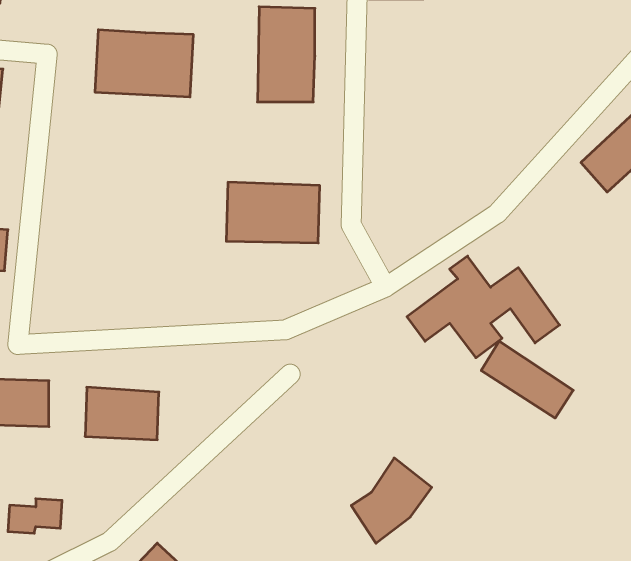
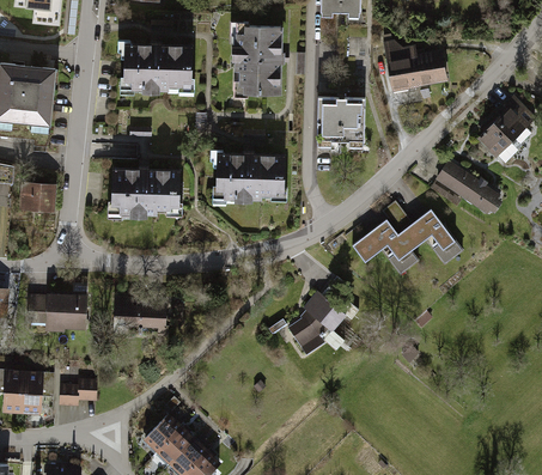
building: none -> [383,39,446,92]
building: none -> [318,98,364,138]
building: none -> [109,163,181,214]
building: [481,341,573,418] -> [436,162,503,218]
building: [351,458,432,543] -> [287,294,346,357]

